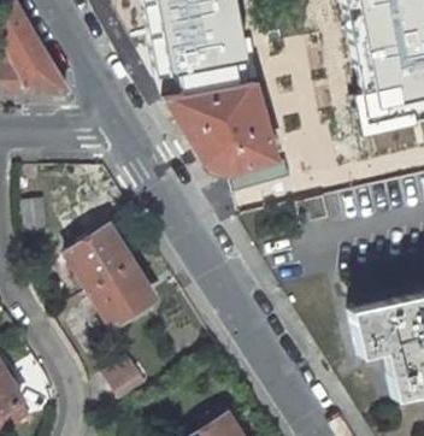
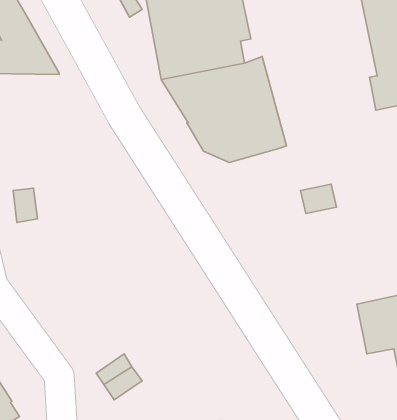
building: [64,229,147,326] -> none

